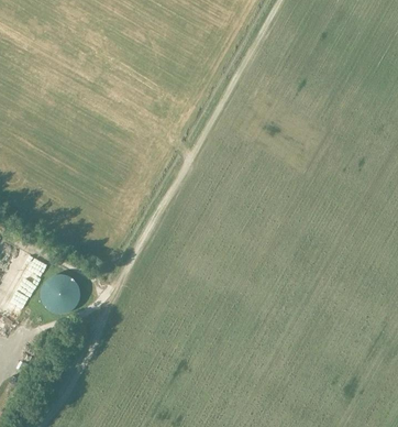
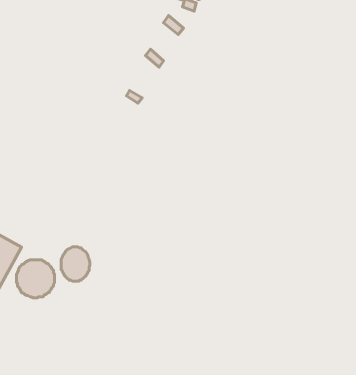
building: none -> [61,247,90,281]

